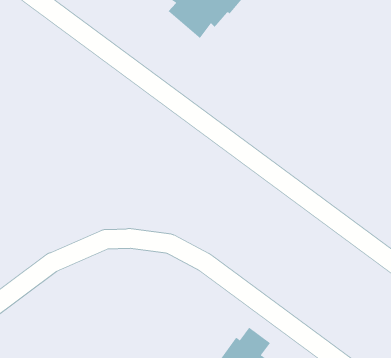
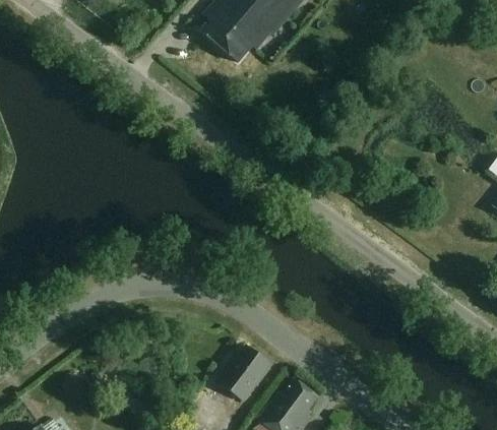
building: none -> [219,346,268,402]

